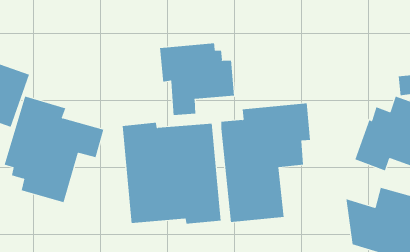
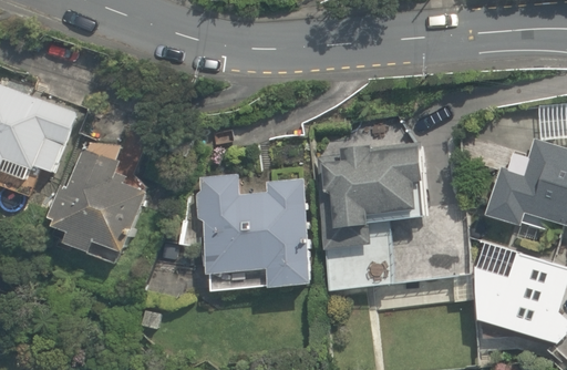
building: [160,43,234,116] -> none

